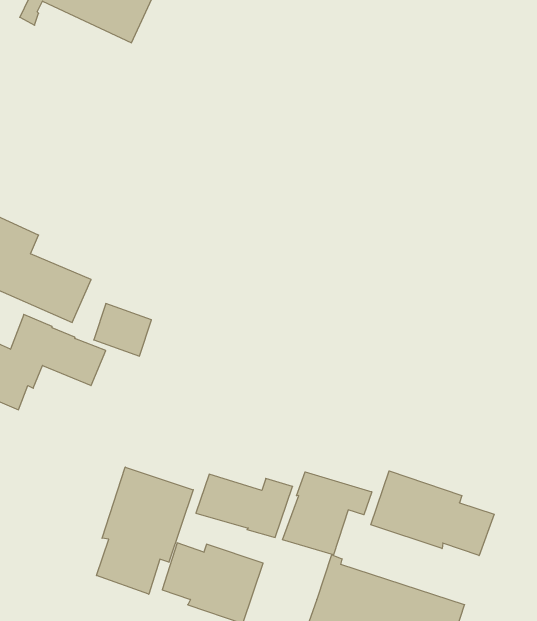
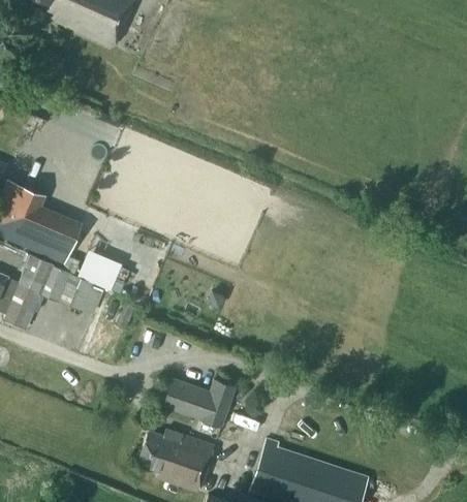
building: [97,467,193,594] -> none
building: [371,471,494,556] -> none
building: [283,472,372,555] -> none

